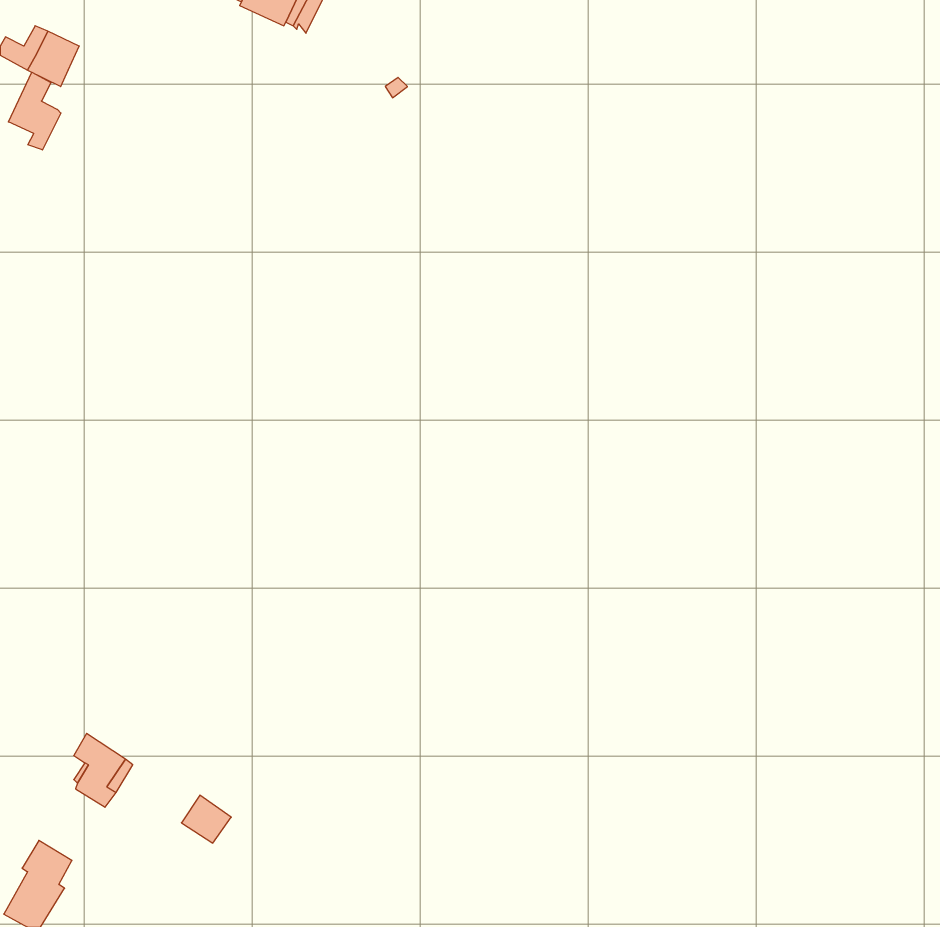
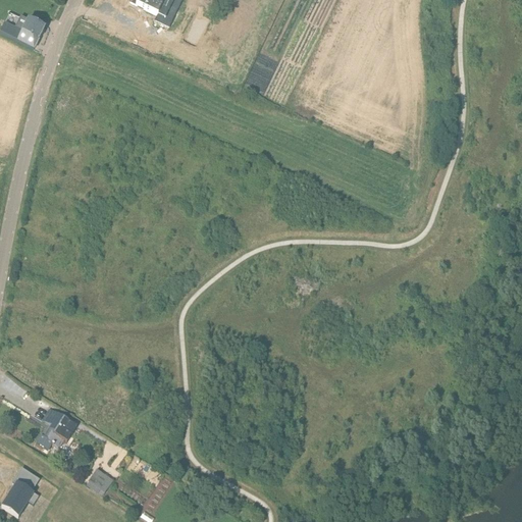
building: [8,72,61,150] -> none
building: [181,795,231,843] -> [86,467,113,493]

